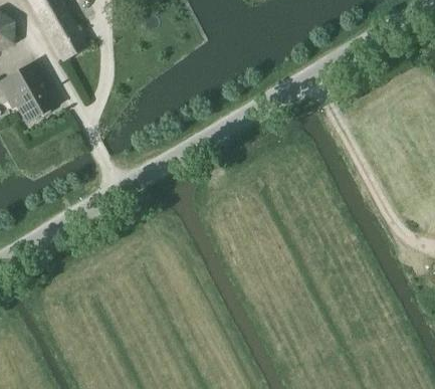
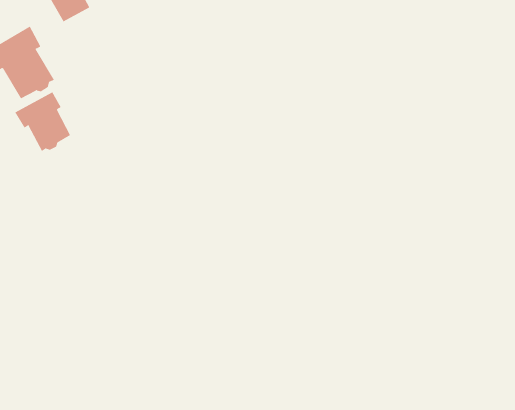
building: none -> [15,91,71,152]

